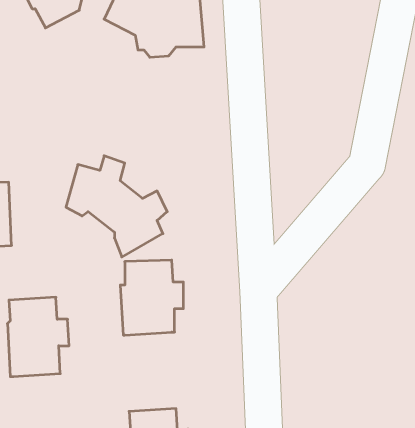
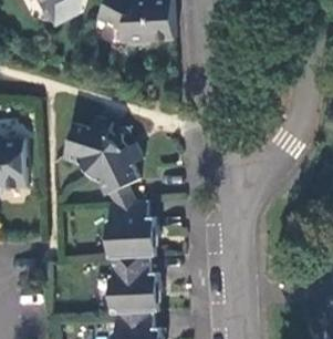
building: [7,297,69,377] -> [112,254,158,314]

